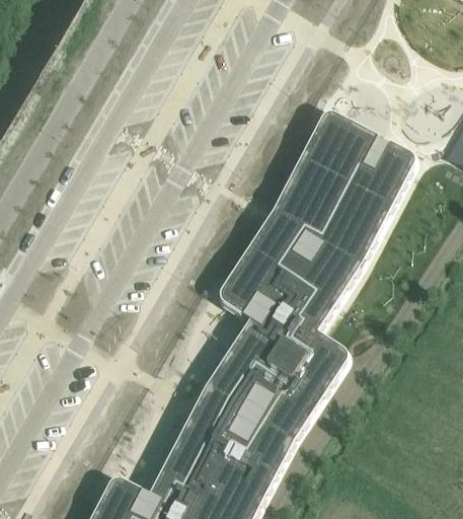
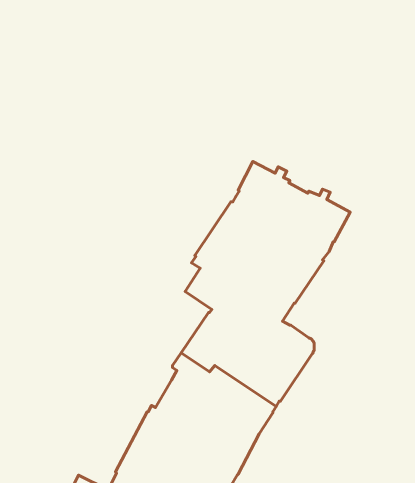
building: [288,113,413,228] -> none

